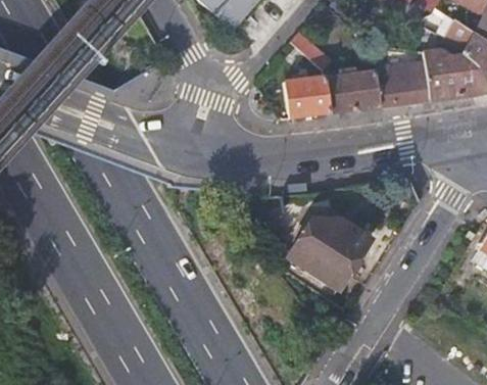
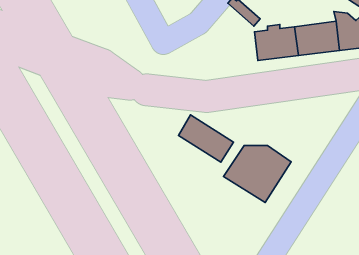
building: [286,73,330,118] -> none
building: none -> [178,115,234,162]

